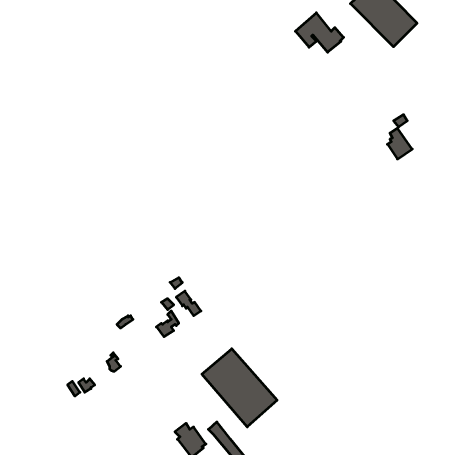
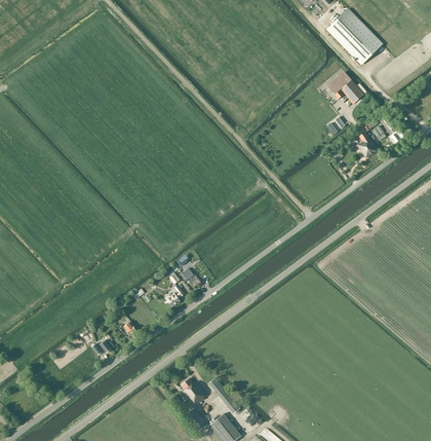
building: [295,13,344,52] -> [326,70,366,103]
building: [202,349,277,427] -> none

